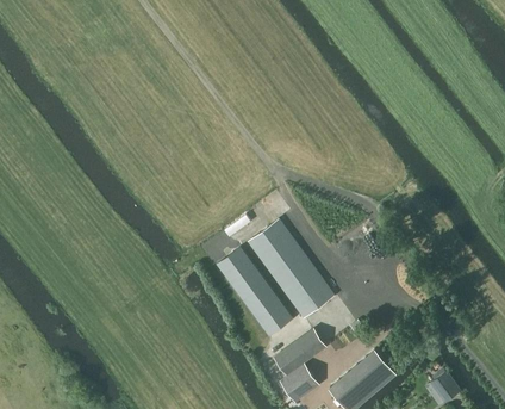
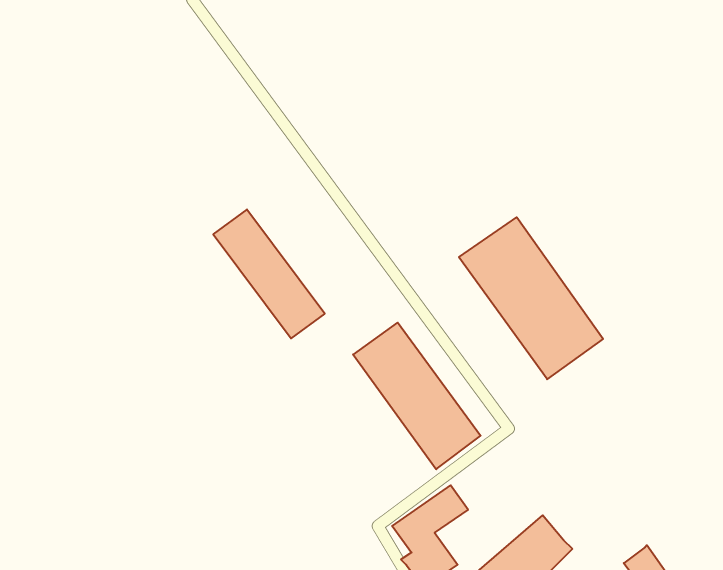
building: none -> [459,217,603,379]
building: [217,247,292,334] -> [213,209,325,338]

